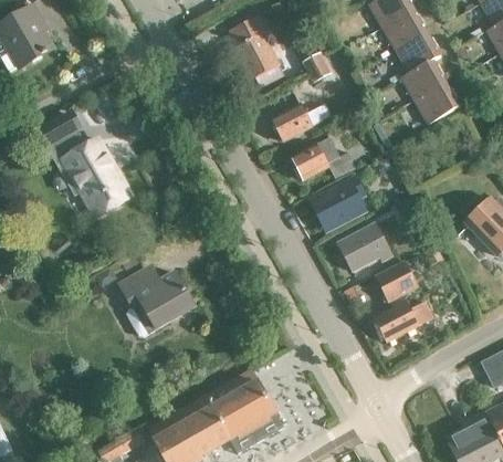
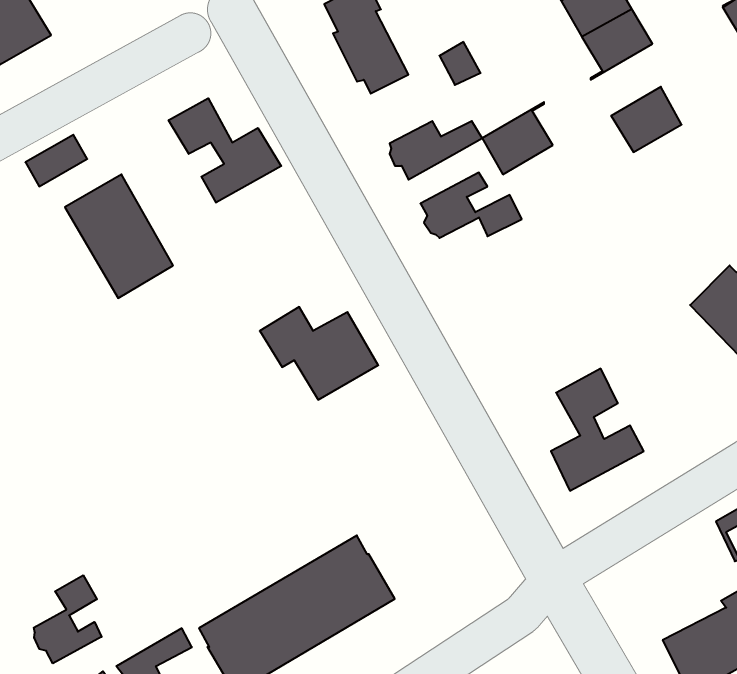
building: [400,54,446,101] -> [482,102,553,174]
building: none -> [169,98,281,203]
building: [321,178,361,224] -> none
building: [337,222,391,271] -> none
building: [119,269,196,328] -> [260,307,378,400]
building: none -> [34,575,102,663]

